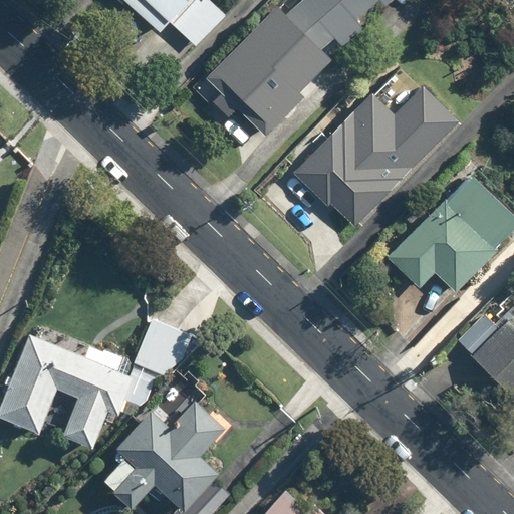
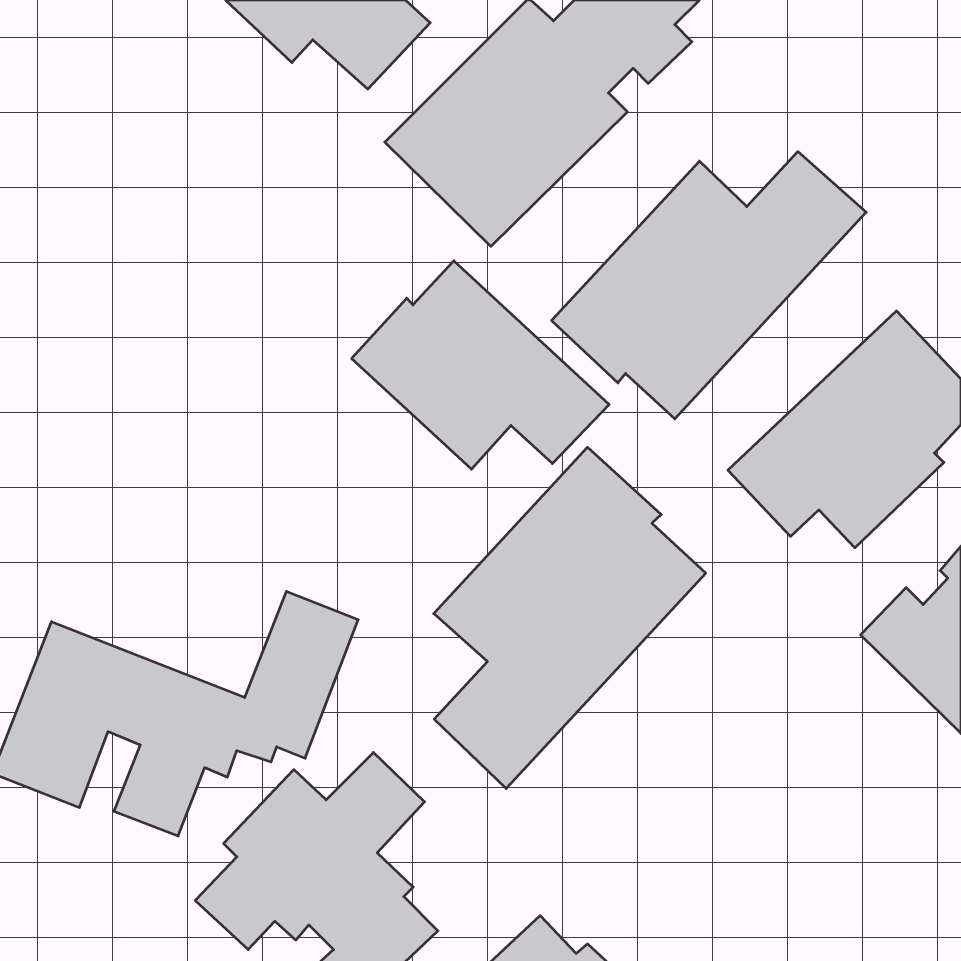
building: none -> [352,261,609,469]
building: none -> [434,447,706,789]

